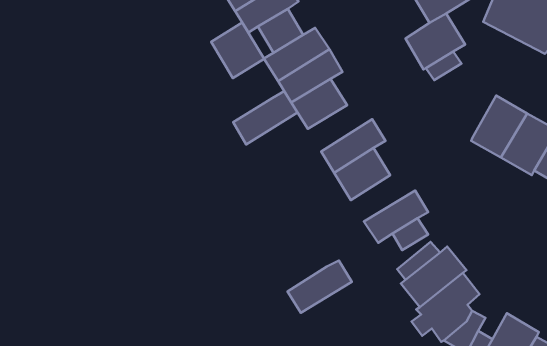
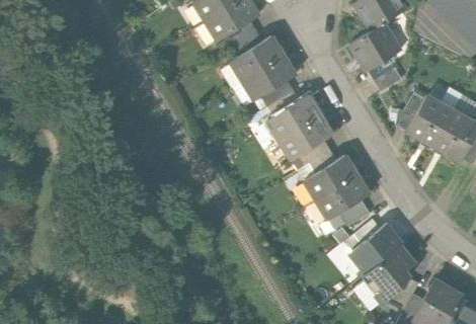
building: [211,23,264,78] -> none
building: none -> [396,88,427,131]
building: [233,91,297,145] -> [267,96,322,142]
building: [288,261,352,313] -> [304,157,359,201]

